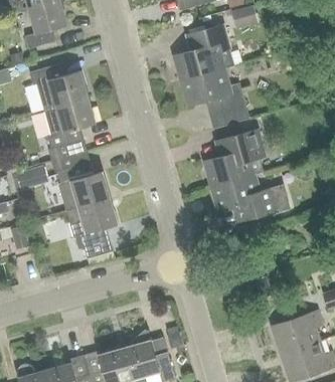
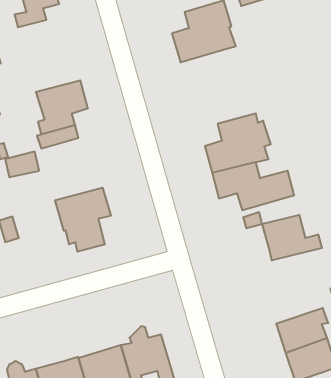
building: [30,63,87,109] -> none
building: [181,68,248,127] -> none
building: [54,163,108,211] -> none
building: none -> [262,215,322,261]

